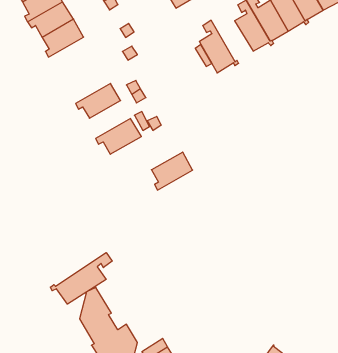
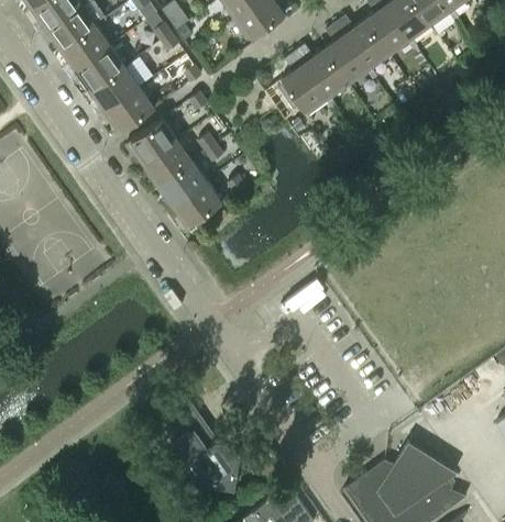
building: none -> [296,45,351,100]
building: none -> [100,87,156,134]
building: none -> [128,119,179,169]
building: [151,152,193,190] -> [157,160,208,210]
building: [50,253,112,304] -> none

